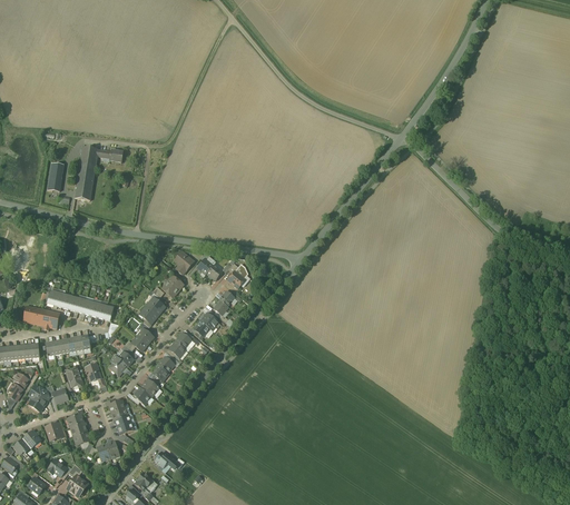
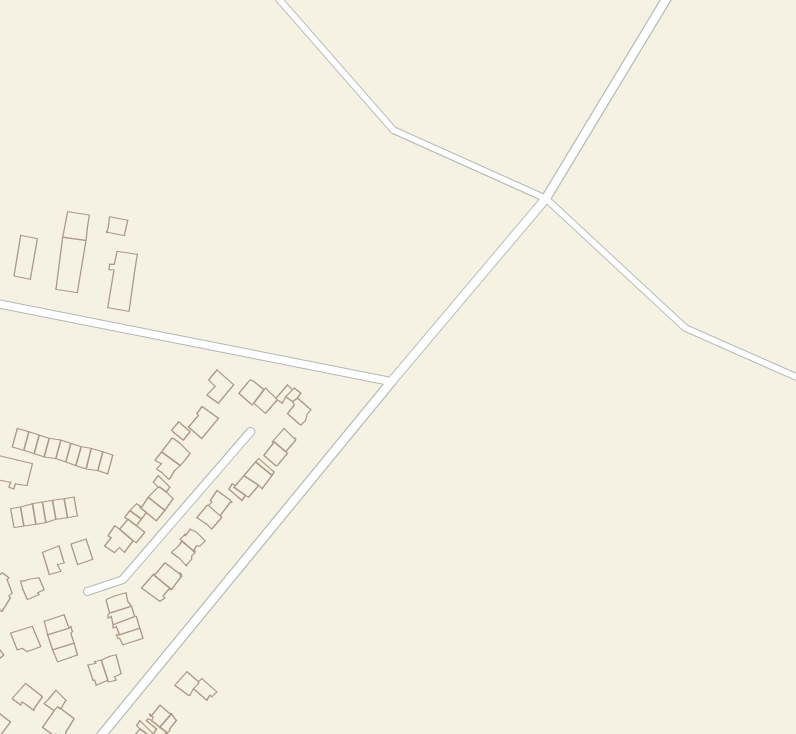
building: none -> [108,251,137,311]

